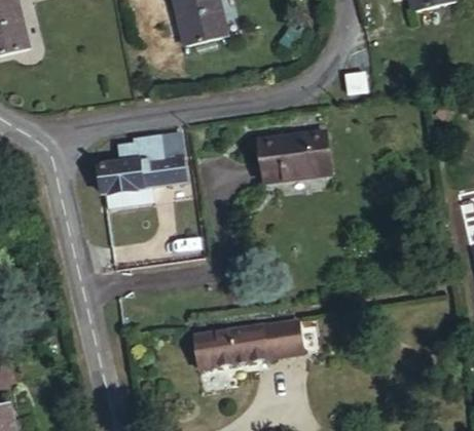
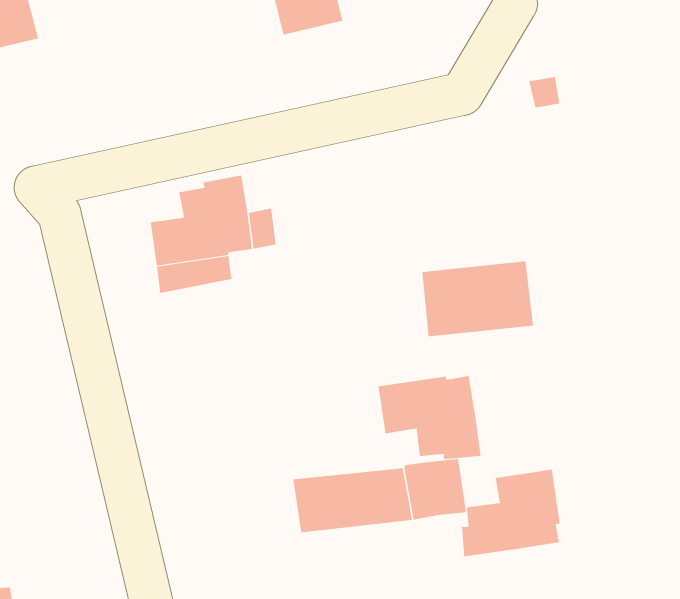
building: [267,128,340,178] -> [421,261,534,337]
building: none -> [378,375,481,460]
building: none -> [462,469,560,557]

